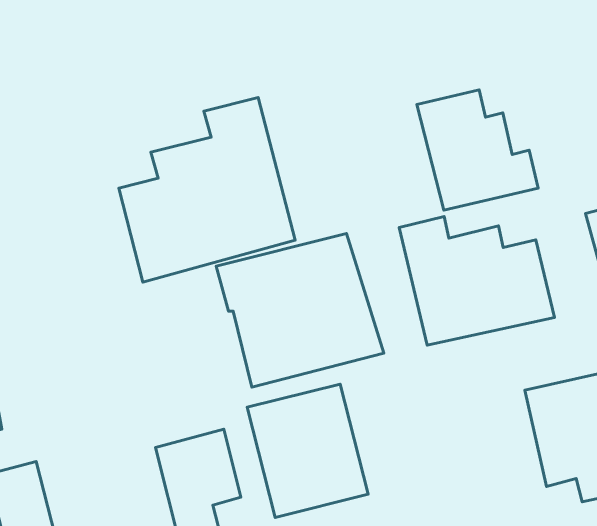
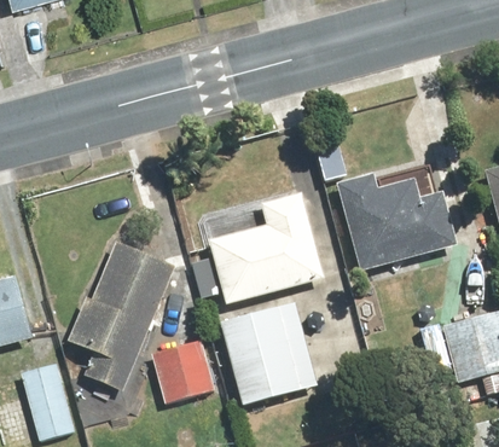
building: [417,90,538,210] -> none
building: [119,97,295,282] -> none
building: none -> [68,243,175,391]

